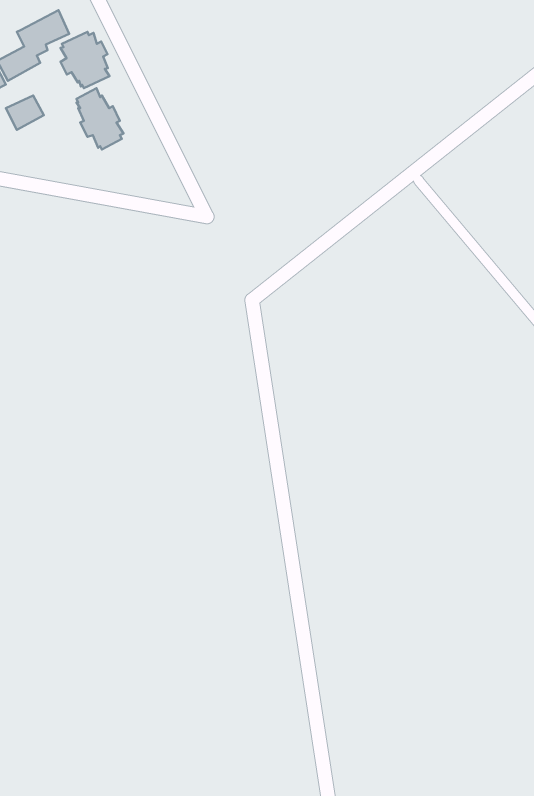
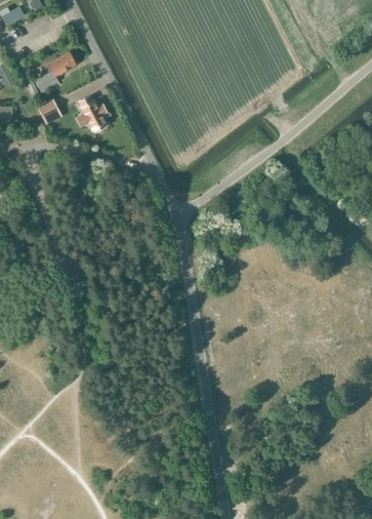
building: [60,32,109,88] -> none

